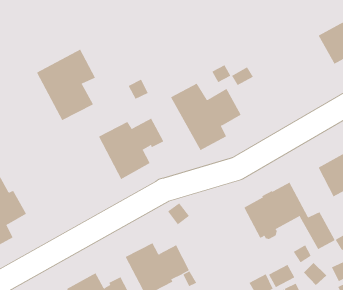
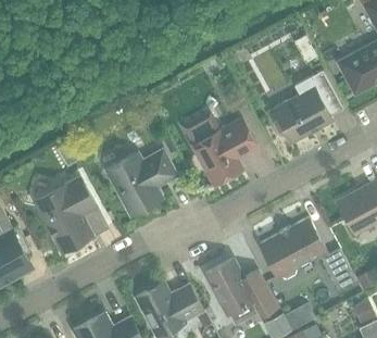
building: none -> [274,71,343,142]
building: [36,49,96,121] -> [34,176,97,252]
building: none -> [206,259,278,326]

